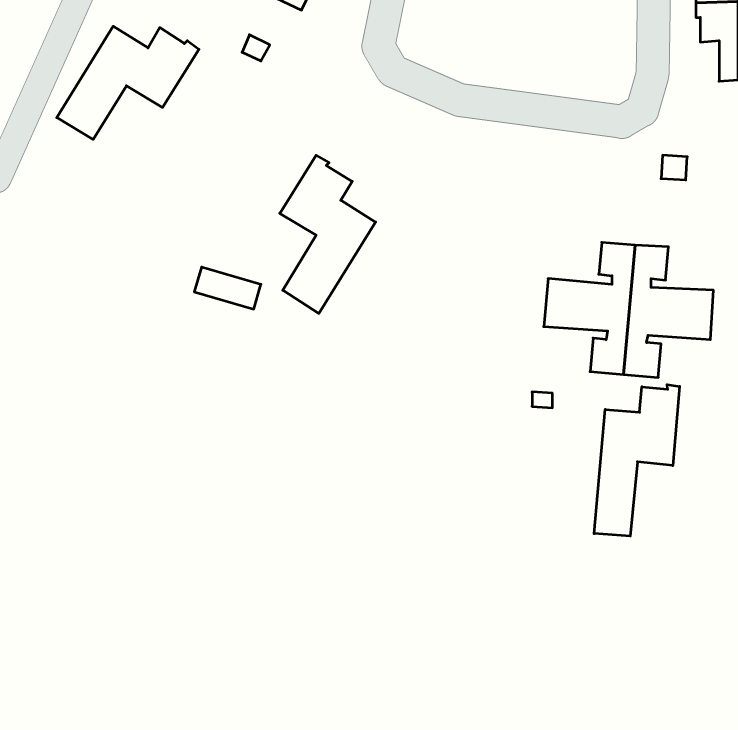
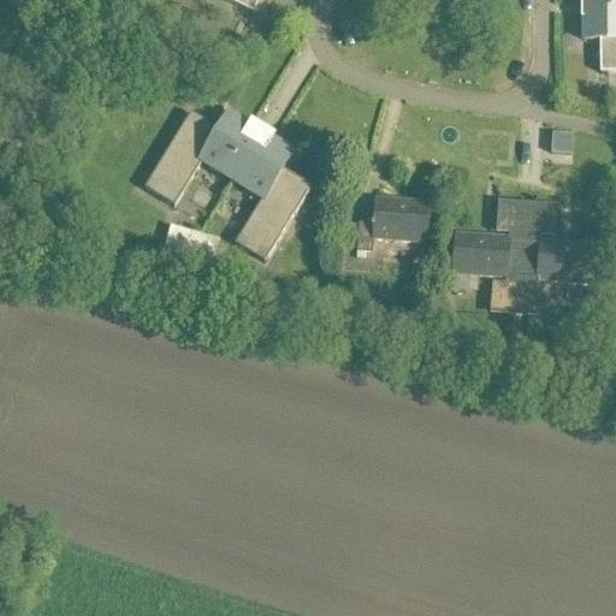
building: [57,26,199,139] -> [144,109,262,203]
building: none -> [354,195,432,249]
building: [594,385,680,536] -> none

